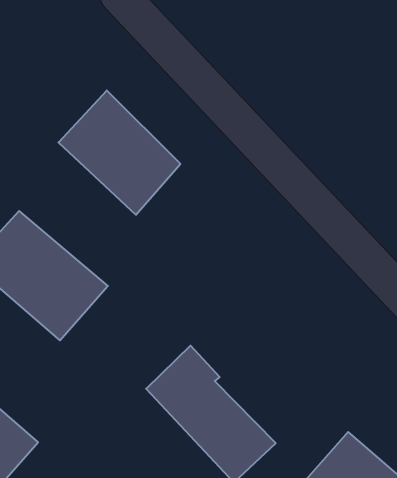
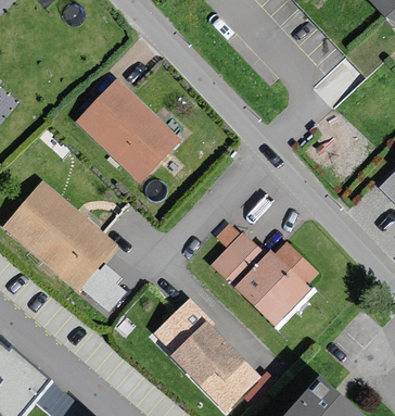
building: none -> [206,230,317,325]

